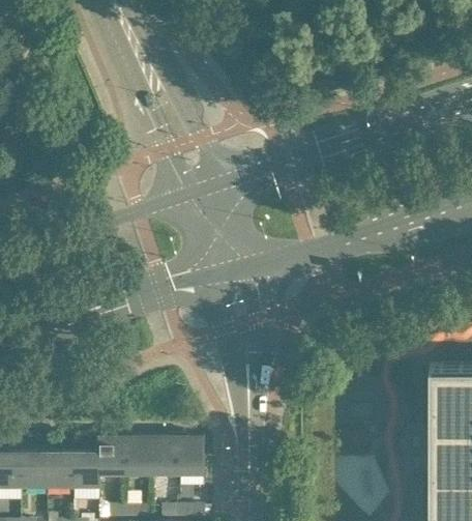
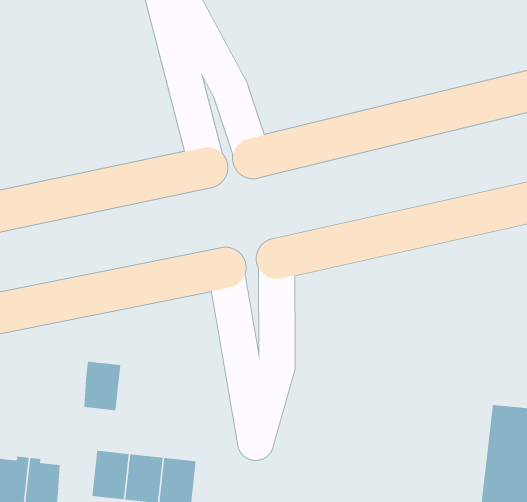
building: [98,437,125,473] -> [83,361,121,411]

